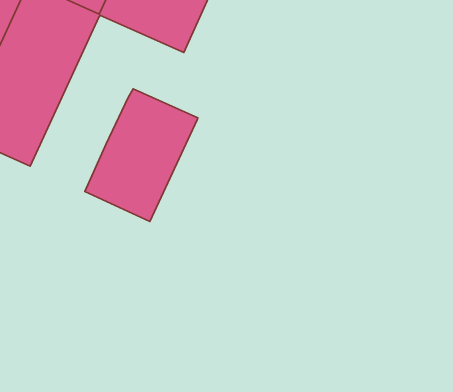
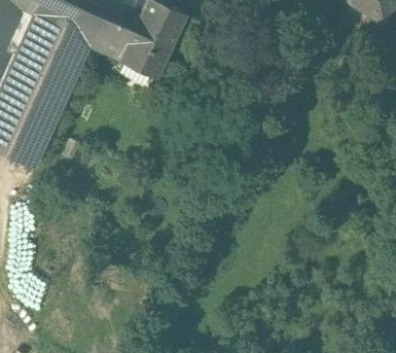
building: [85,89,198,221] -> none

